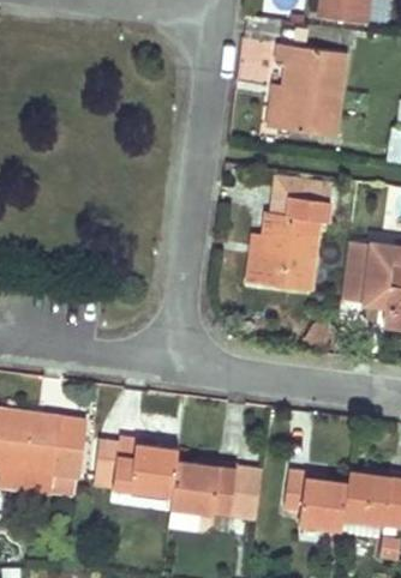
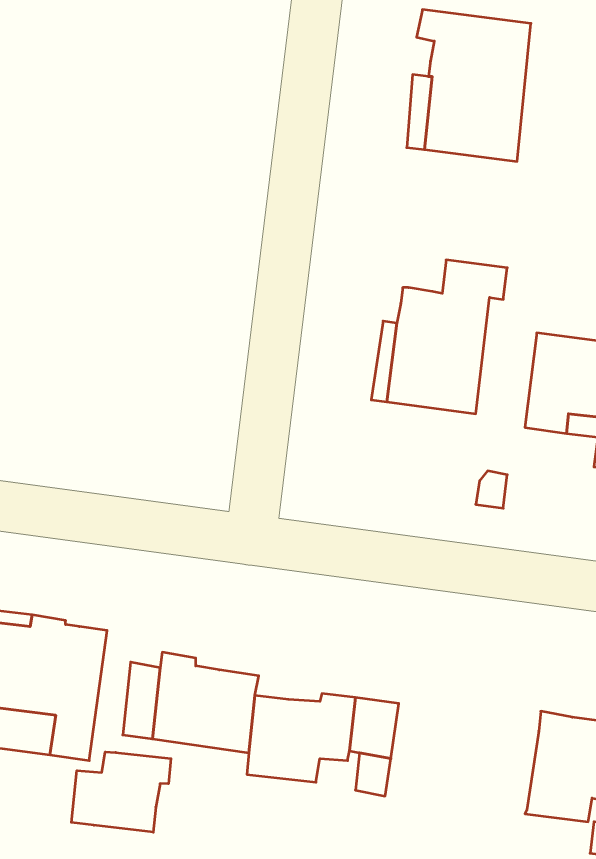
building: [270,175,333,216] -> none
building: [285,470,349,531] -> none
building: none -> [71,752,171,832]

